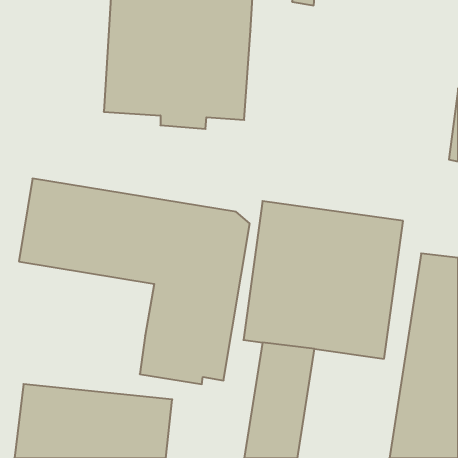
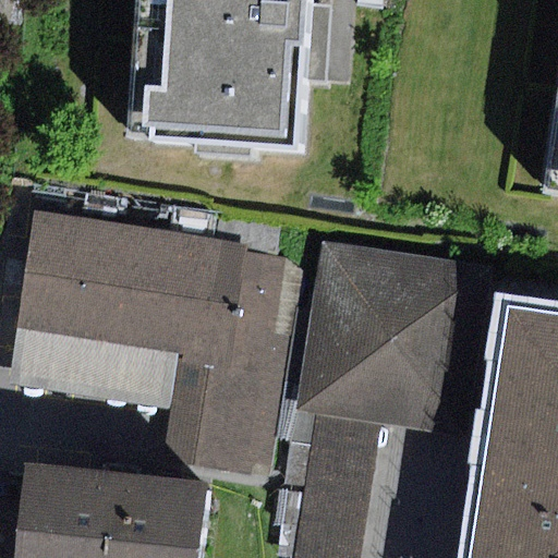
building: none -> [13,316,186,405]

